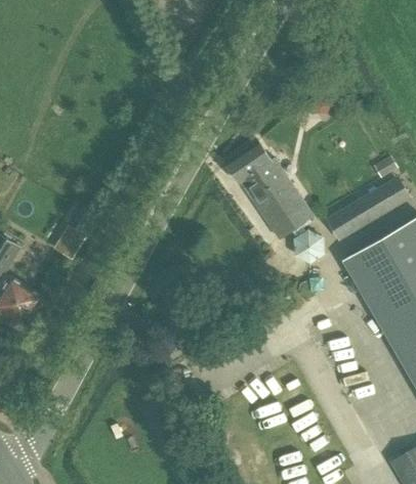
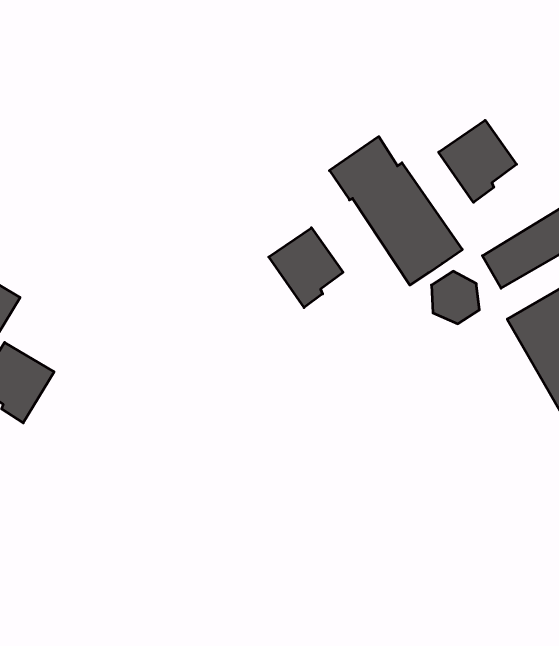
building: none -> [439,120,517,202]
building: none -> [269,228,343,308]

